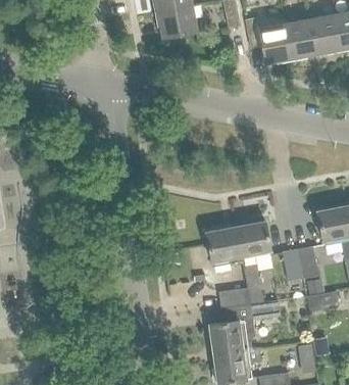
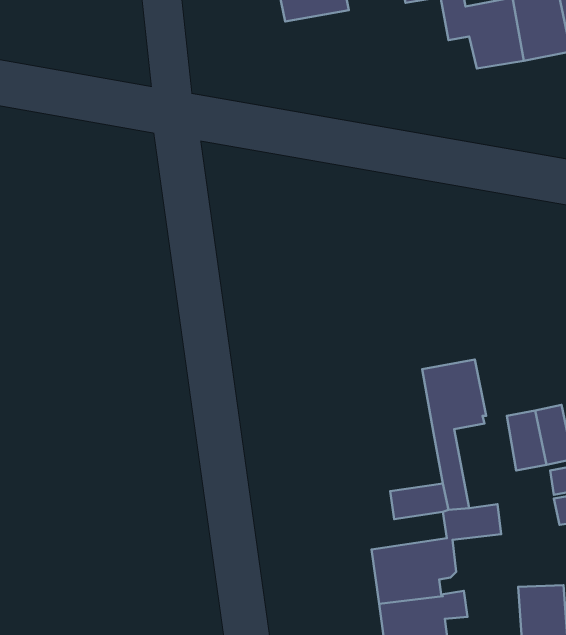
building: [205,226,242,266] -> none

